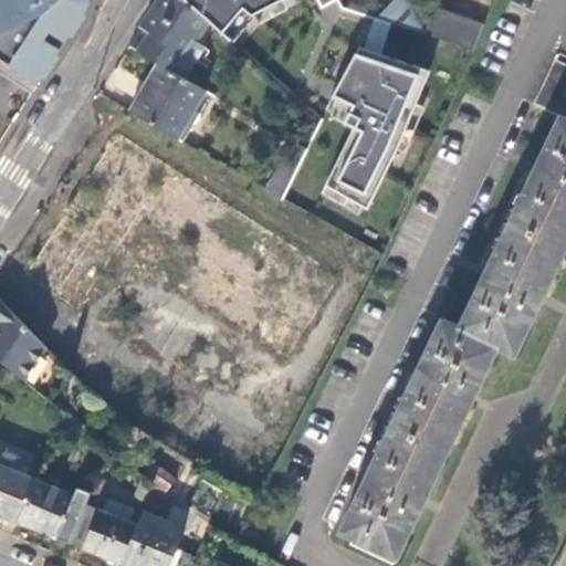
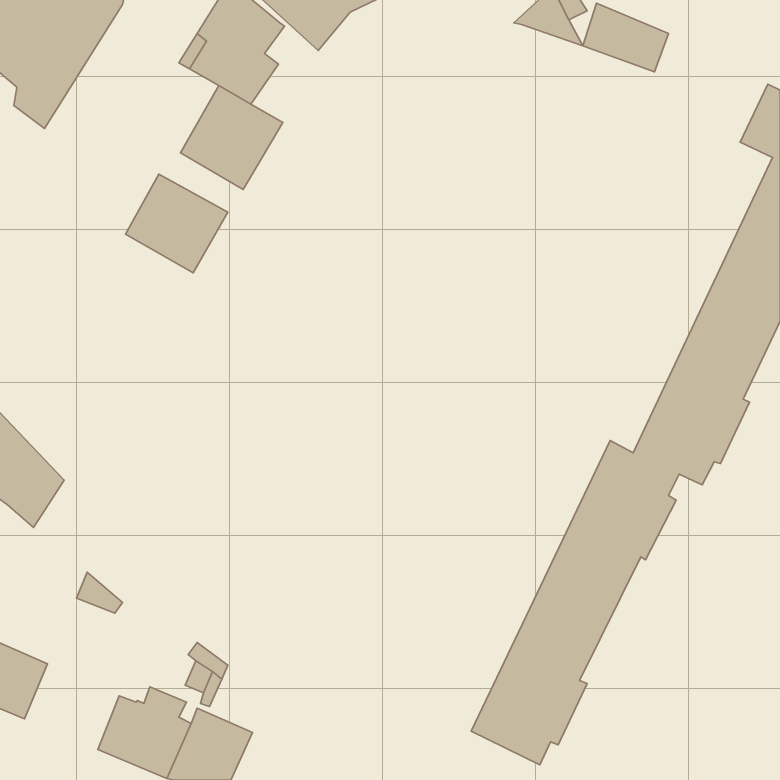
building: [324,43,428,207] -> none
building: none -> [125,174,228,273]
building: [18,480,87,542] -> none

